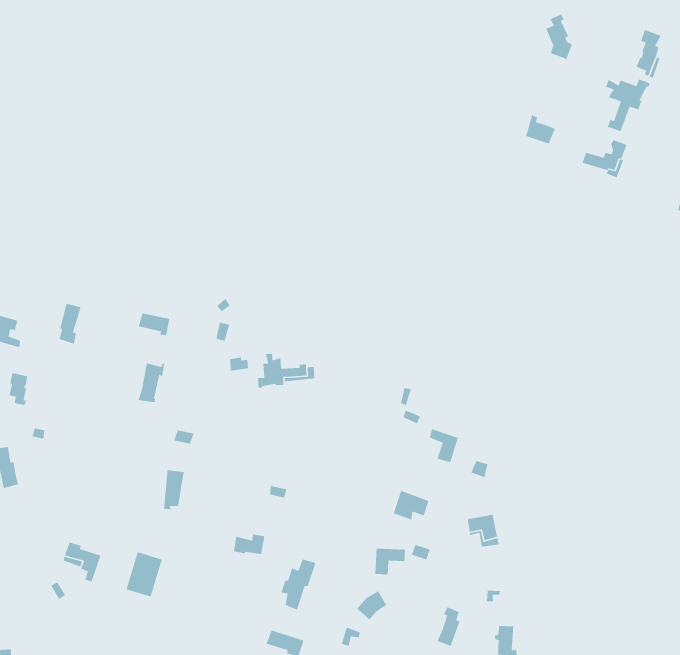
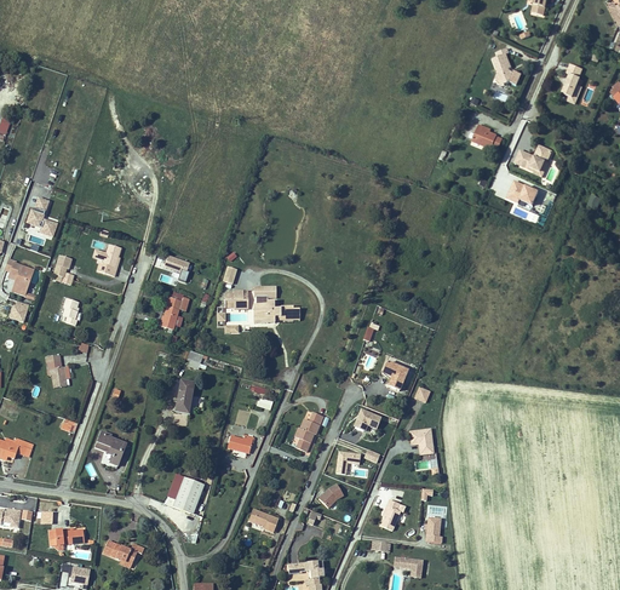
building: [605,78,651,132] -> none
building: none -> [505,179,538,208]
building: [125,551,163,598] -> [173,477,203,514]
building: [281,559,316,611] -> [294,411,323,451]

